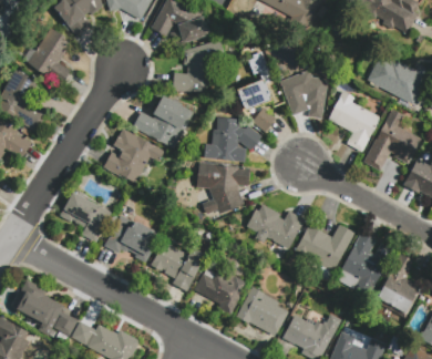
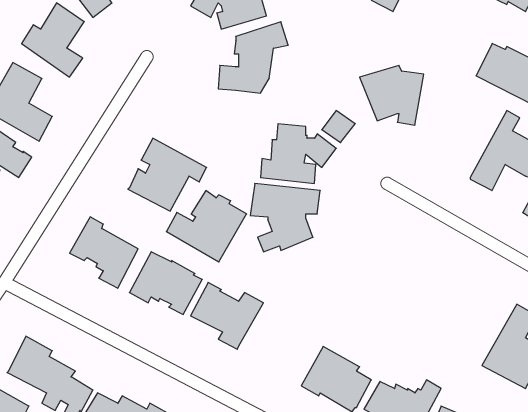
building: [237,51,272,110] -> none
building: [329,92,381,152] -> none
building: [134,95,195,150] -> [166,191,247,262]
building: [247,205,306,249] -> none
building: [295,225,354,273] -> none
building: [337,233,394,297] -> none
building: [195,267,248,312] -> none

